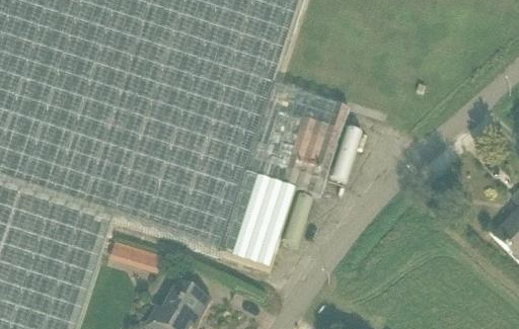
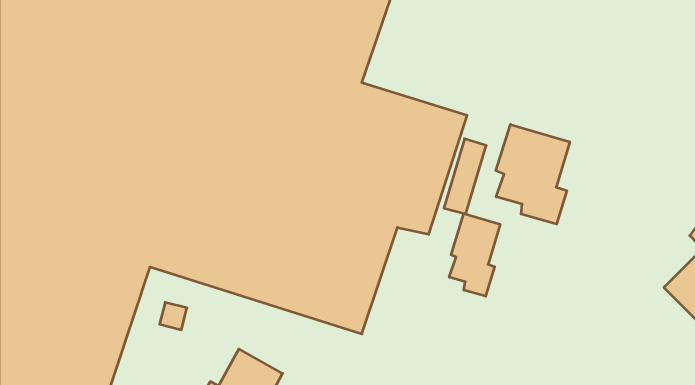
building: none -> [496,124,570,224]
building: none -> [449,214,500,296]

